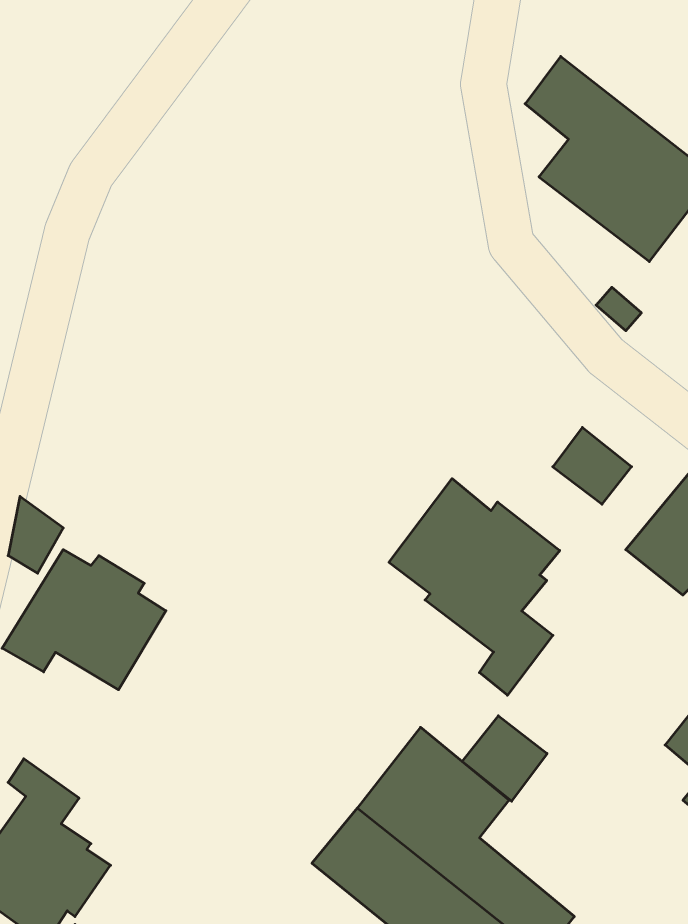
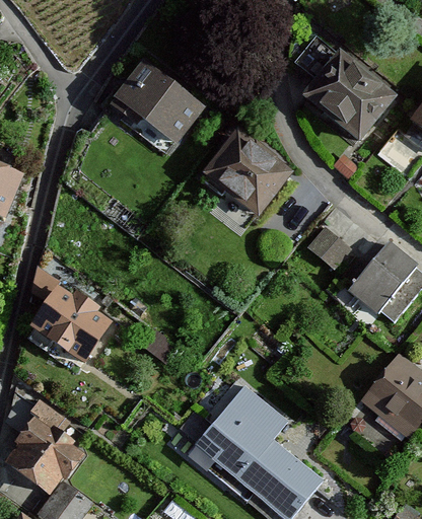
building: none -> [112,62,203,145]
building: none -> [205,132,293,217]
building: [389,479,560,695] -> none
building: [462,716,547,801] -> none

